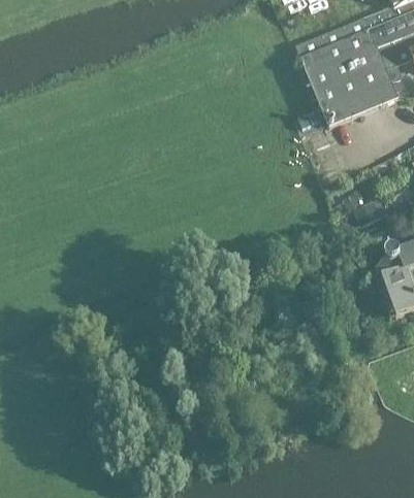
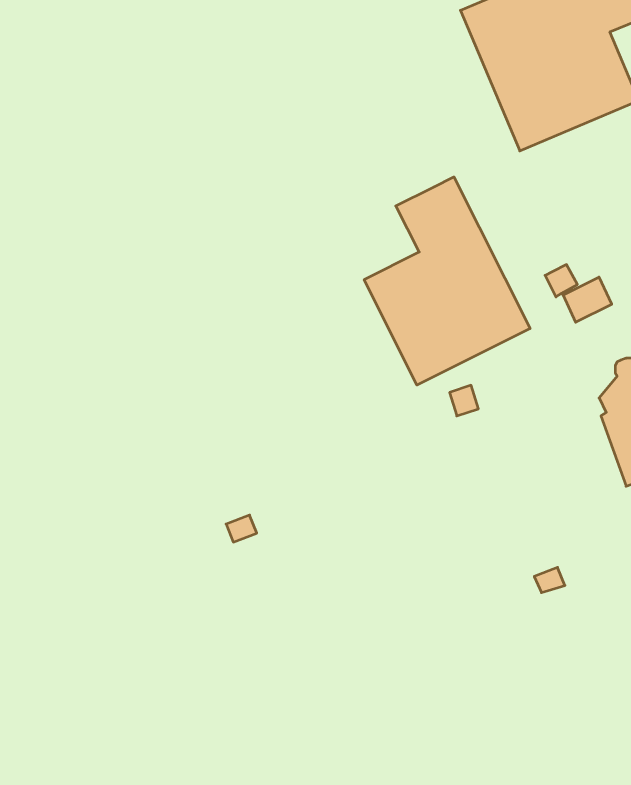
building: none -> [364,177,530,385]

